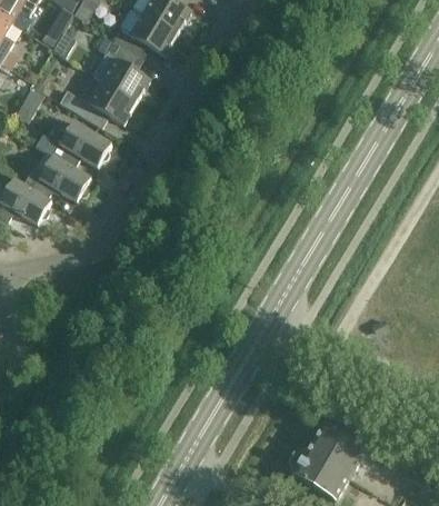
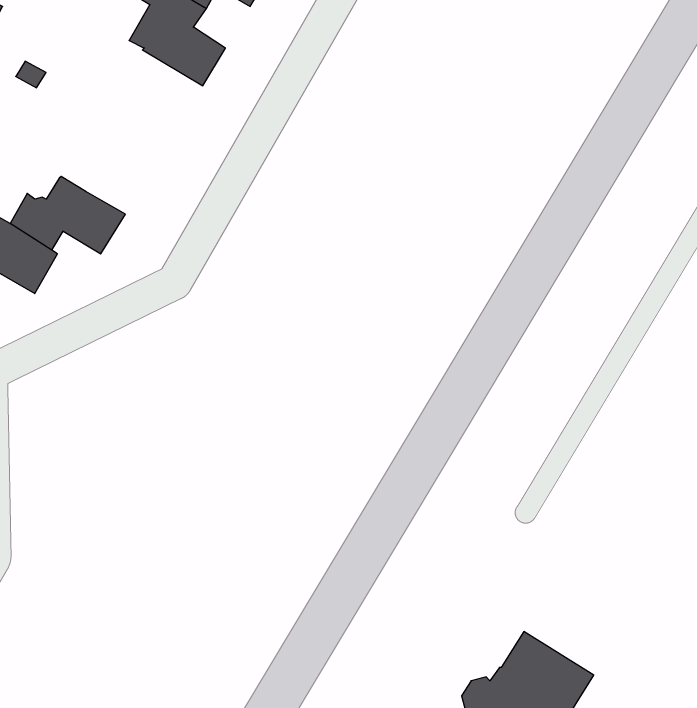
building: [59,80,136,123] -> none
building: [34,120,110,166] -> none

